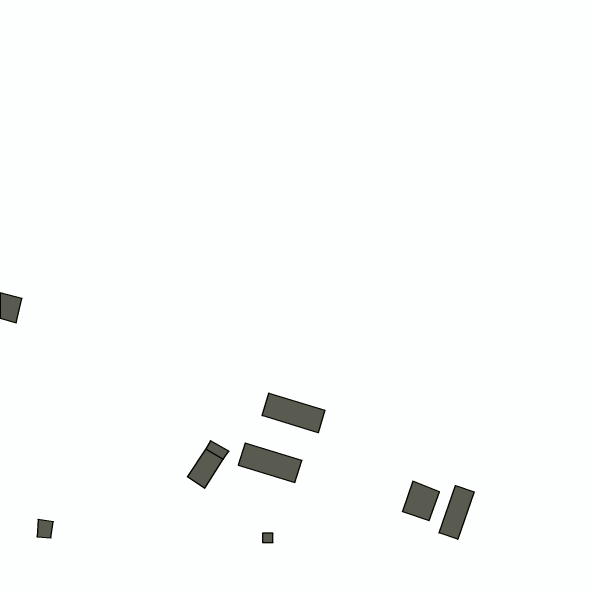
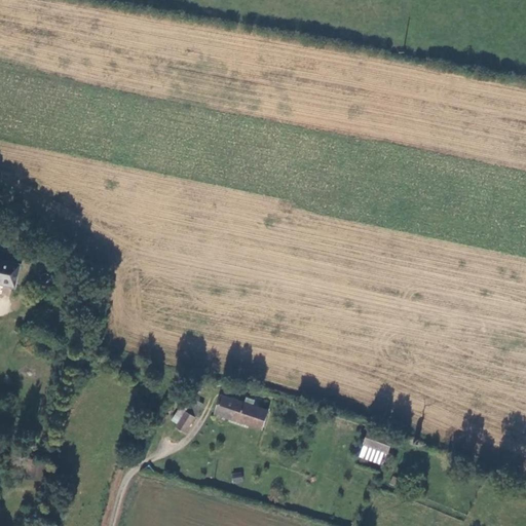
building: [262,393,325,433] -> none
building: [439,486,474,539] -> none

